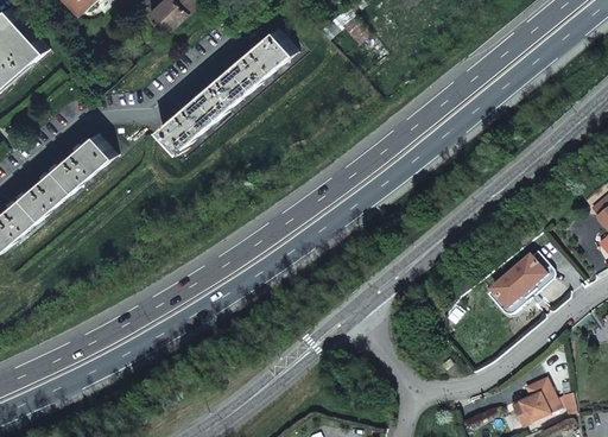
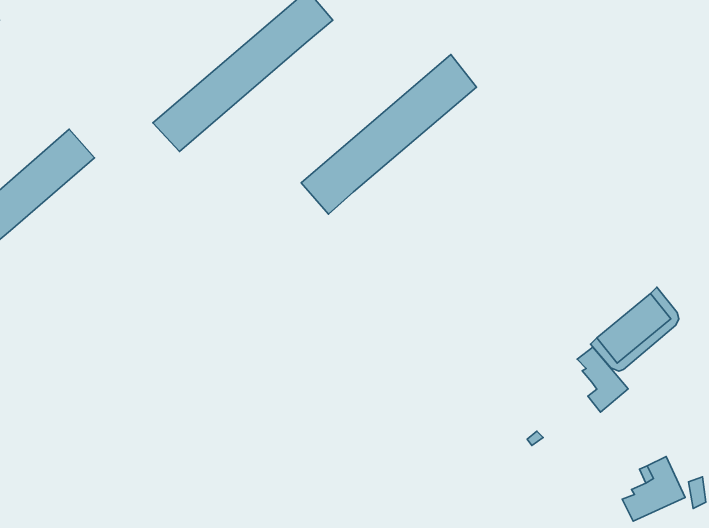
building: none -> [301,54,476,214]
building: none -> [577,347,628,412]

